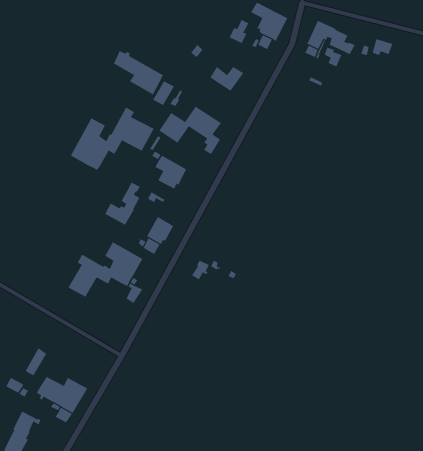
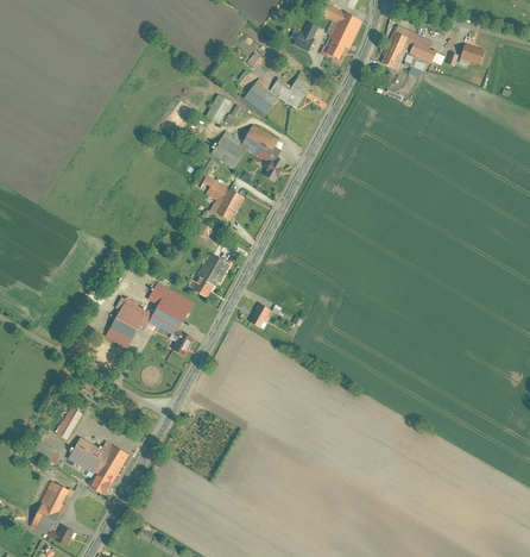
building: [113,50,164,95] -> none
building: none -> [242,79,277,115]
building: [70,107,154,171] -> none
building: [105,182,141,225] -> none

